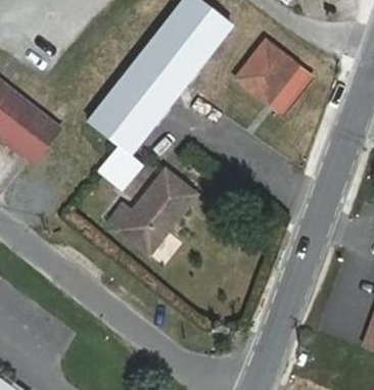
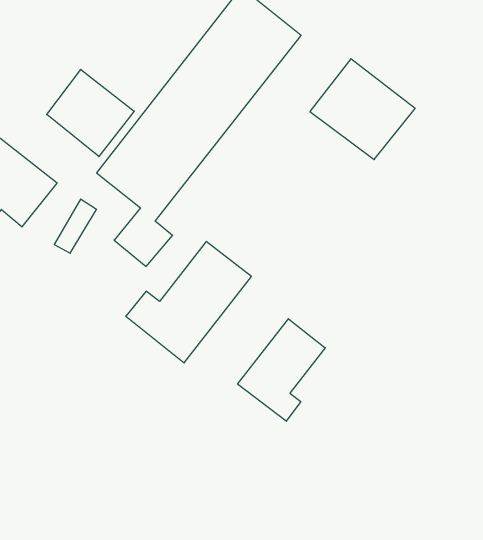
building: none -> [47,69,134,157]
building: none -> [238,319,325,421]

